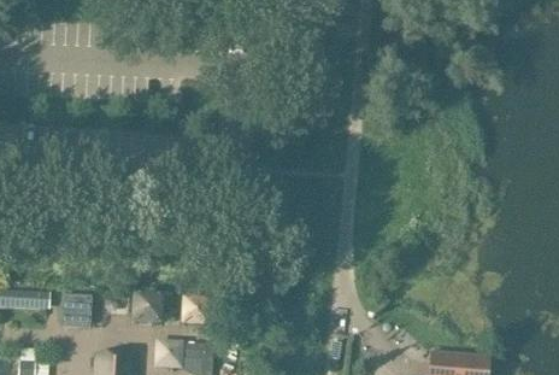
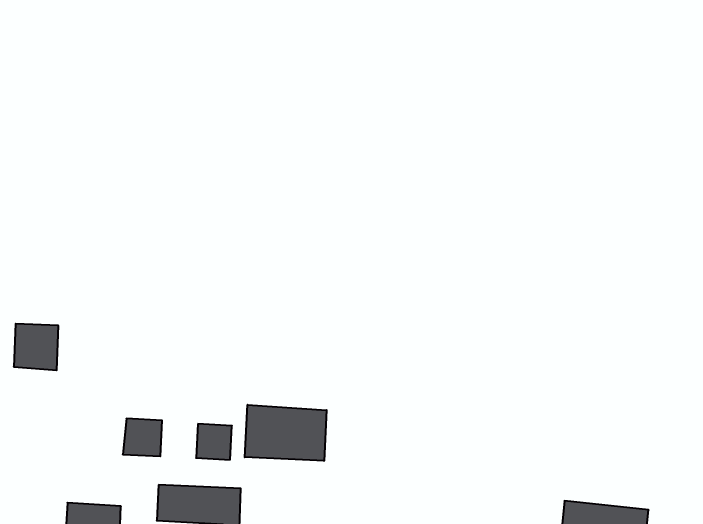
building: none -> [245,405,327,461]
building: [61,294,92,326] -> [14,324,58,370]

